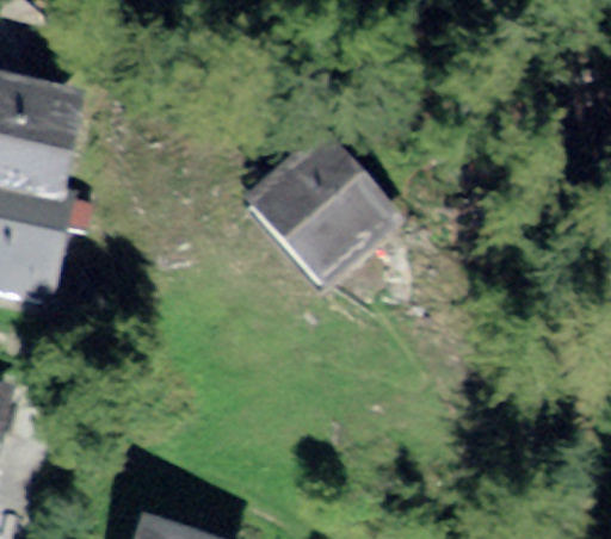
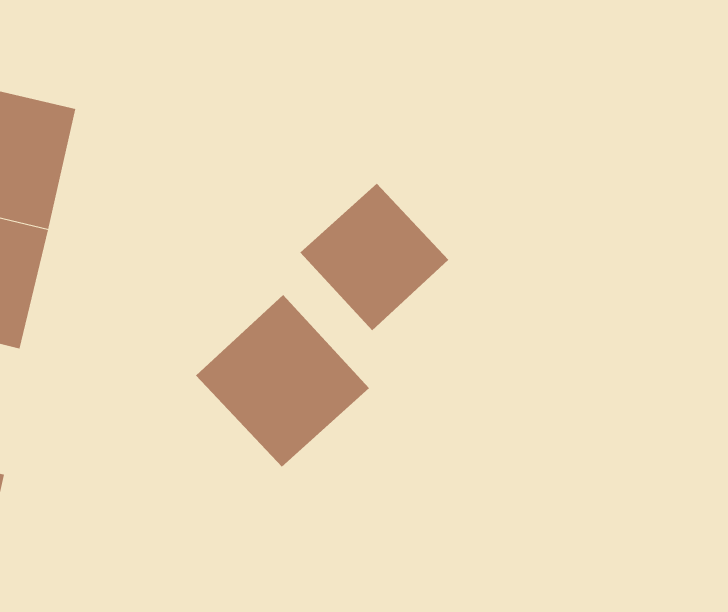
building: none -> [195,294,370,467]

